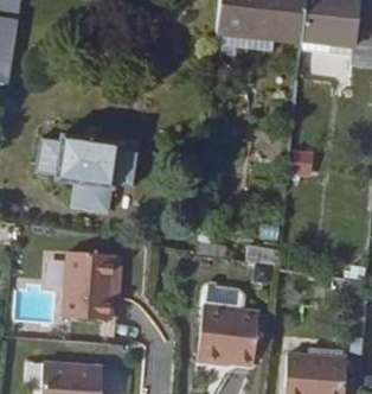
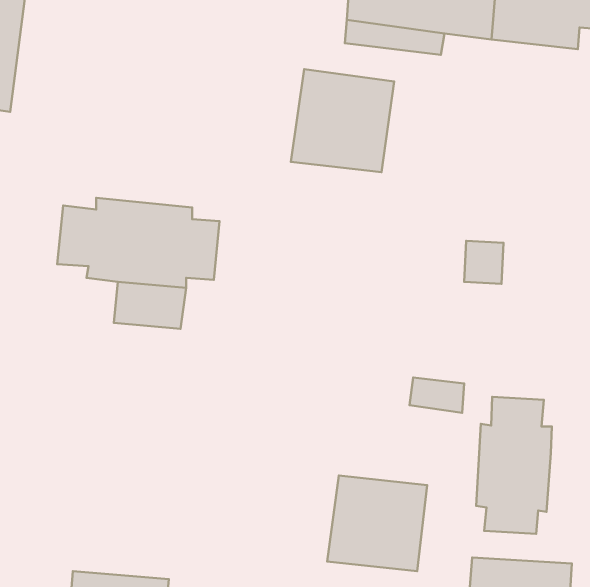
building: none -> [291,69,394,172]
building: [68,249,126,318] -> none
building: none -> [476,397,552,534]

